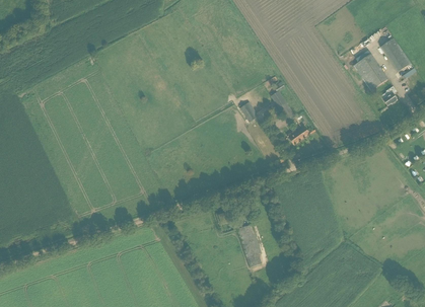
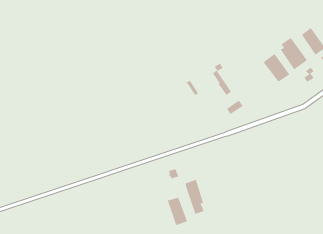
building: none -> [263,53,290,83]
building: none -> [167,197,188,226]

